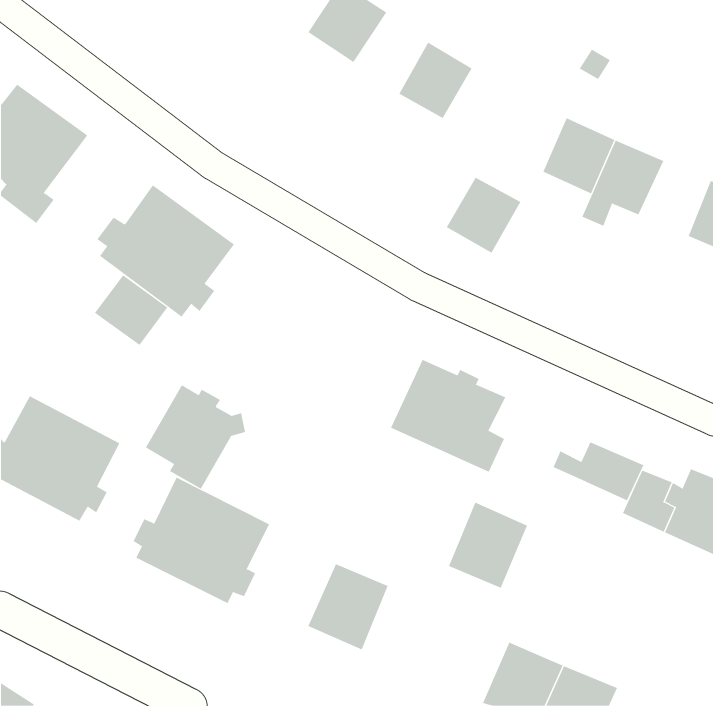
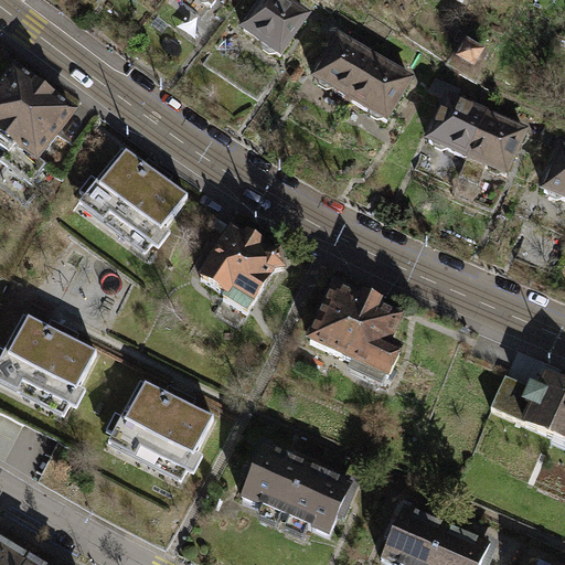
building: [446,177,521,254] -> [351,54,411,115]
building: [94,275,168,346] -> none
building: [145,385,246,489] -> [203,225,282,308]
building: [553,441,644,501] -> none
building: [448,502,528,589] -> [287,462,350,531]

